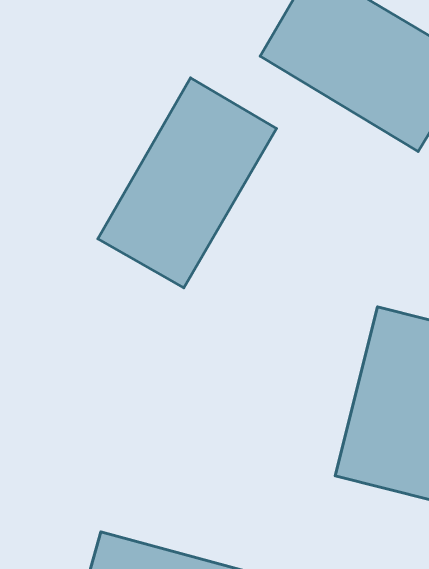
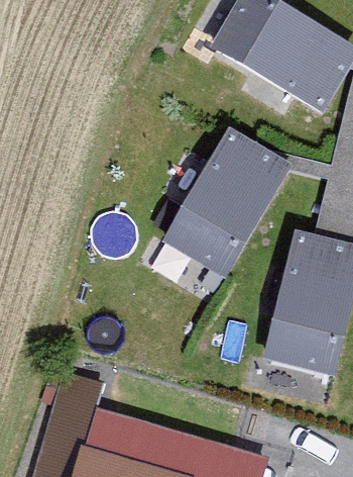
building: [98,78,276,288] -> [160,124,292,280]

